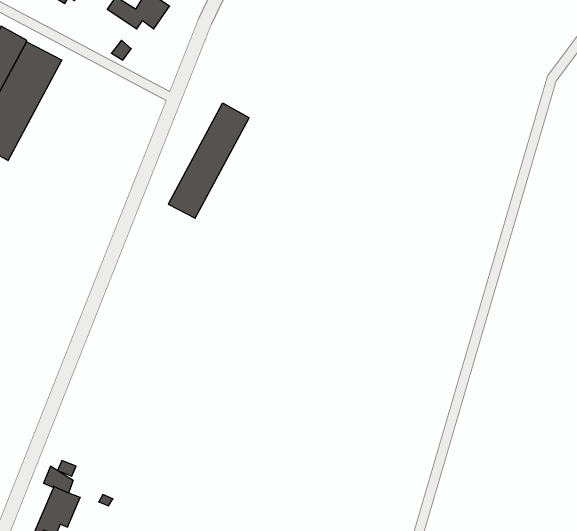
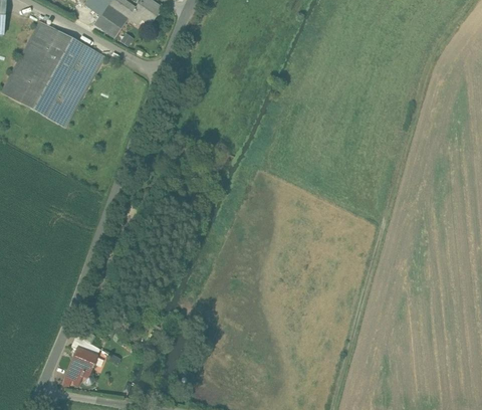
building: none -> [94,7,125,35]
building: [168,104,249,218] -> [45,44,102,126]

